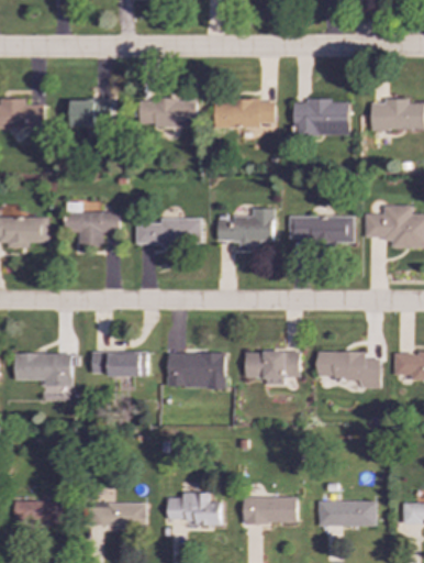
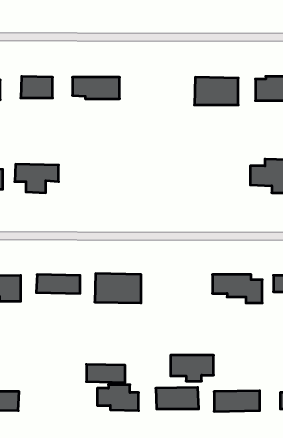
building: [213,99,275,129] -> none
building: [216,209,274,244] -> none
building: [288,217,354,242] -> none
building: [134,218,200,245] -> none
building: [244,352,299,385] -> [171,355,214,381]
building: [97,504,146,527] -> [86,364,125,382]

